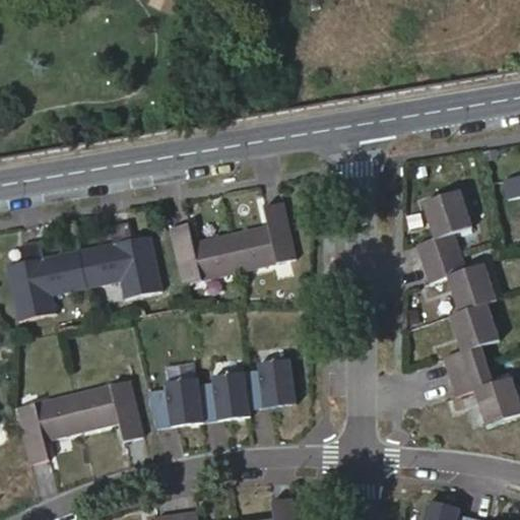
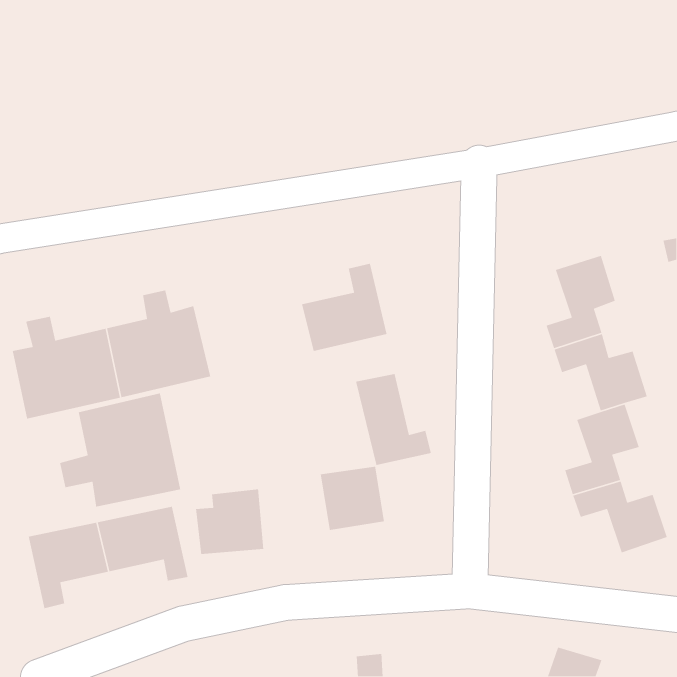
building: [172,223,240,282] -> none
building: none -> [355,373,432,466]
building: none -> [59,392,181,508]
building: [199,371,249,418] -> none

